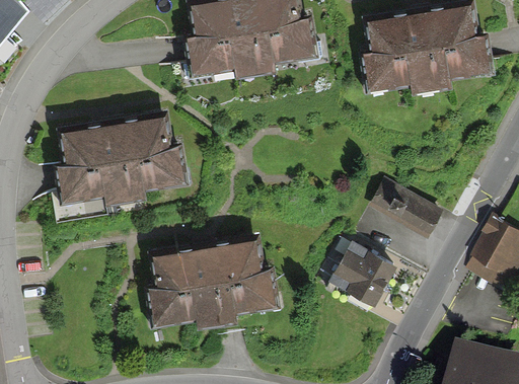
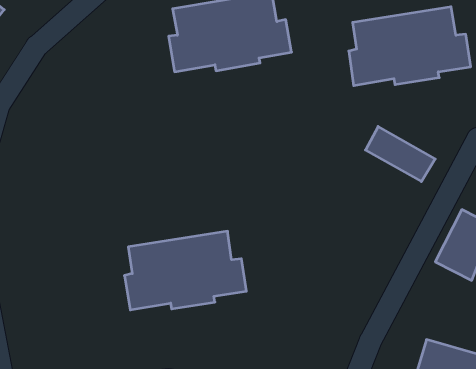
building: [62,123,189,204] -> none
building: [369,179,441,236] -> [365,126,435,182]
building: [330,241,403,306] -> none

